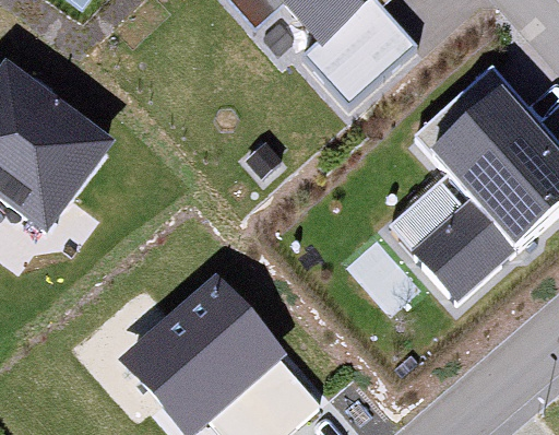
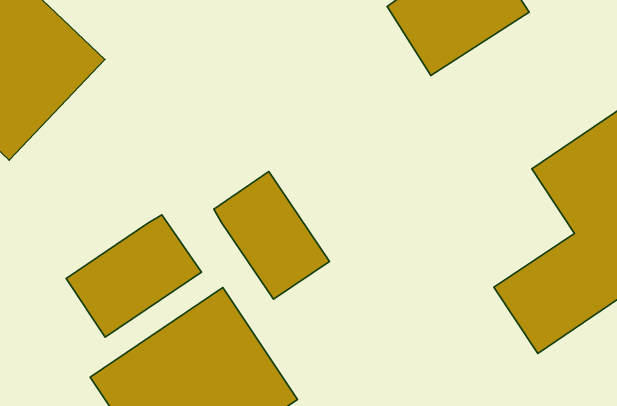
building: none -> [214,171,330,299]
building: none -> [66,215,201,337]

